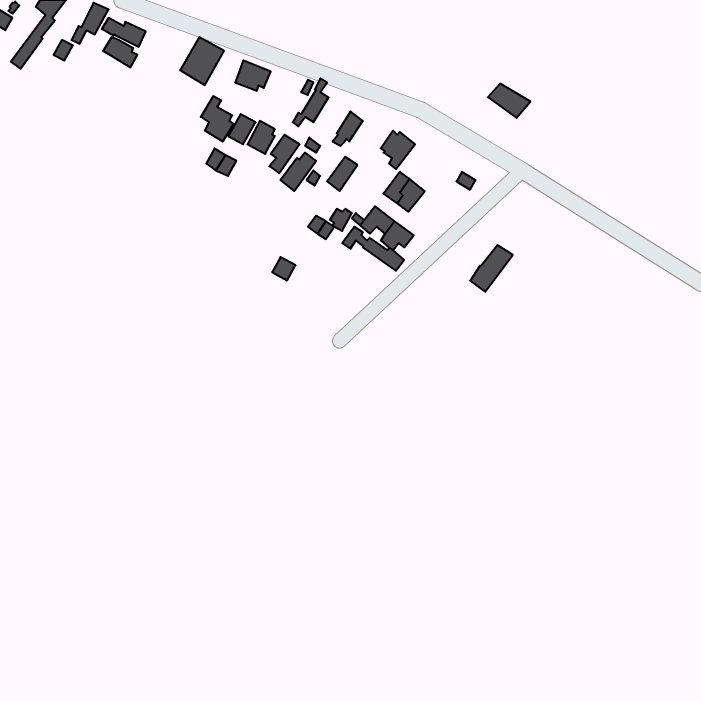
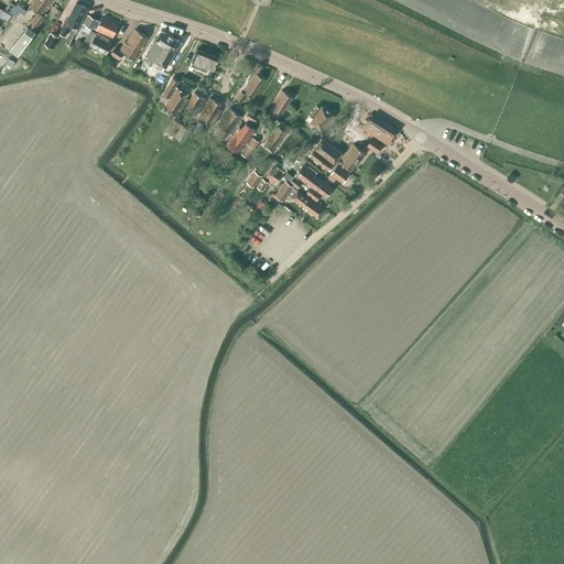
building: none -> [109,30,147,61]
building: [488,84,530,118] -> [361,116,395,143]
building: [470,245,513,292] -> [329,145,364,183]

